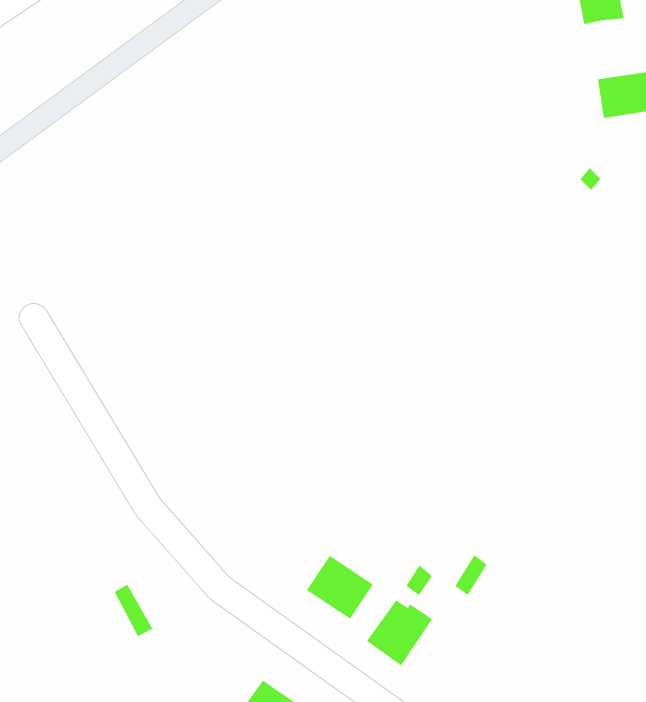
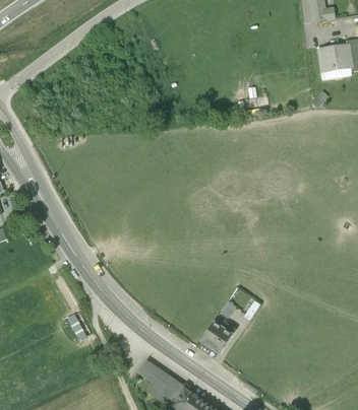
building: [306,555,374,620] -> none

